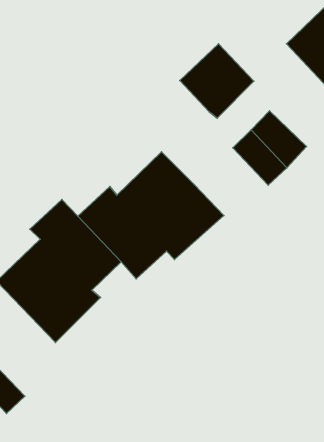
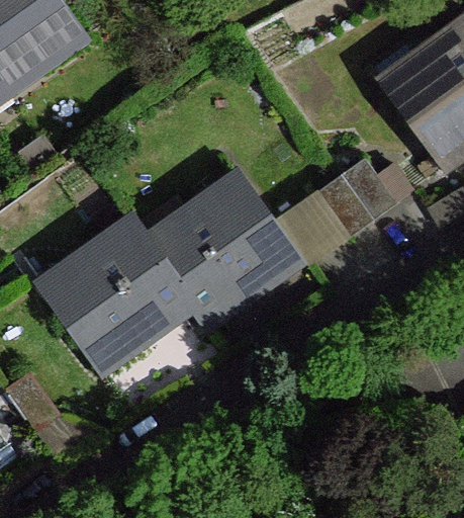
building: [180,44,254,118] -> [274,192,352,270]

